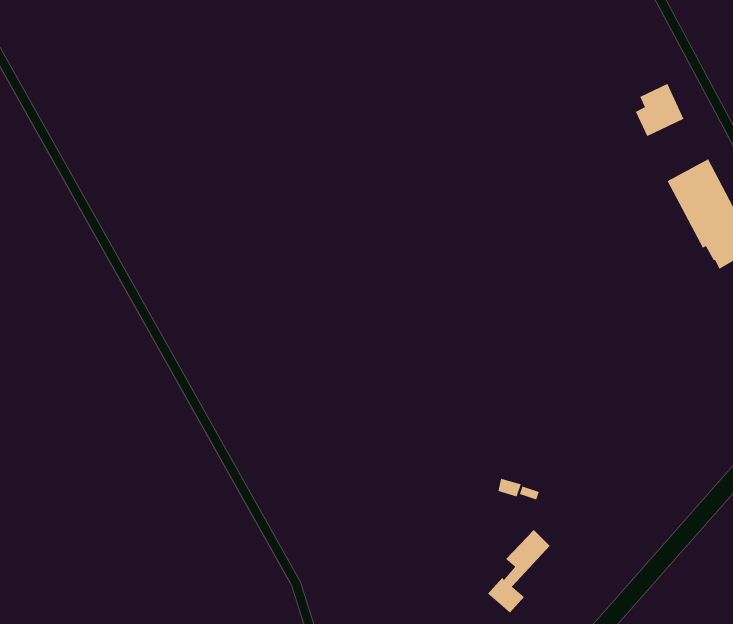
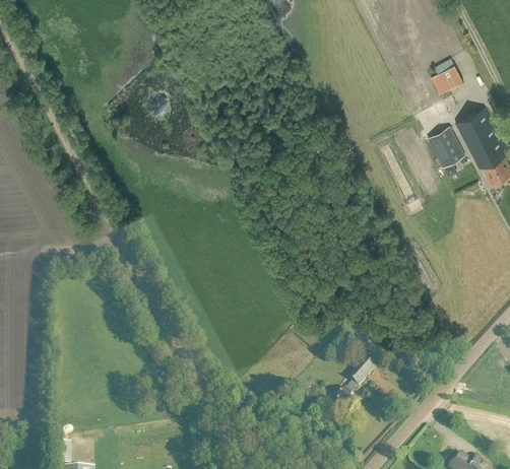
building: none -> [426,129,463,170]

